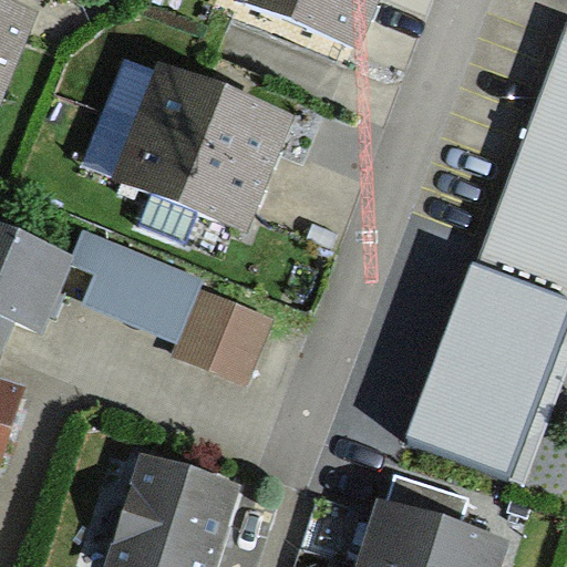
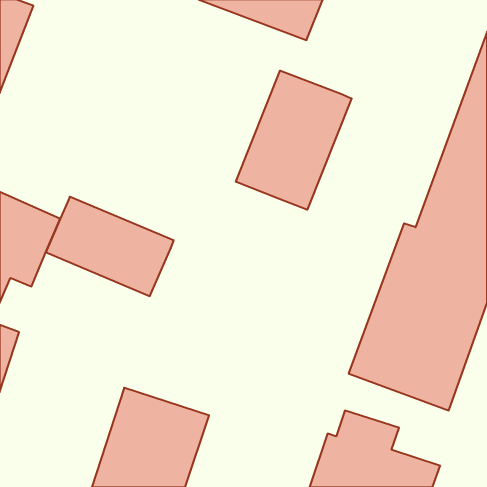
building: [115,64,295,230] -> none
building: none -> [236,71,352,210]
building: [169,288,271,384] -> none

